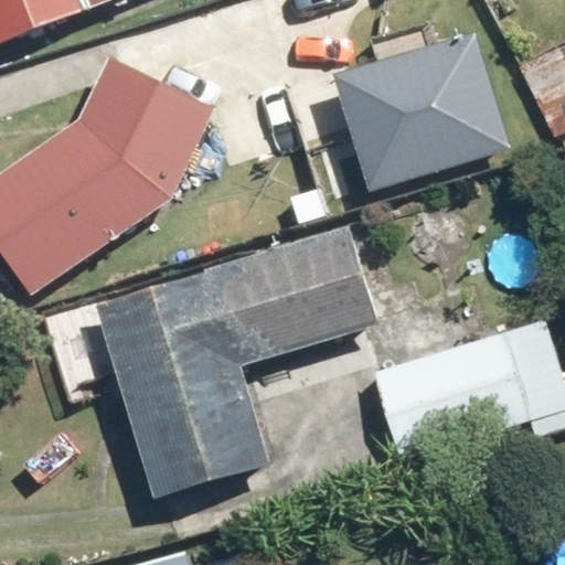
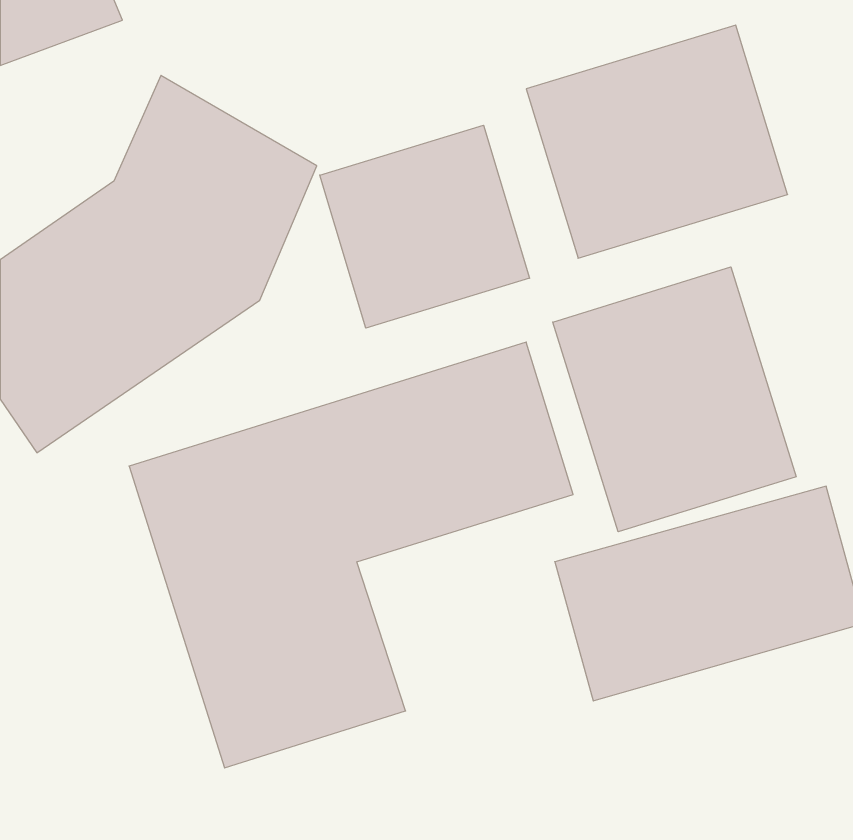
building: none -> [320,125,530,328]
building: none -> [553,267,796,532]

